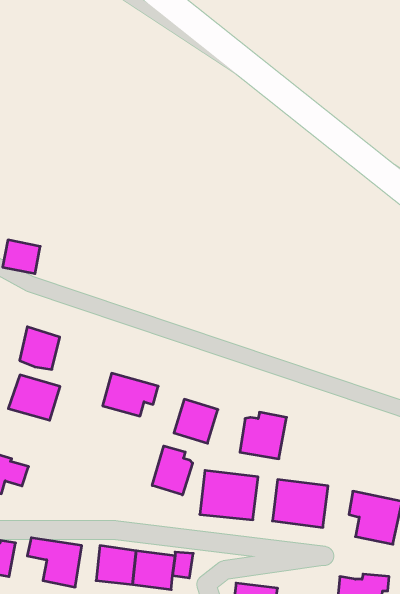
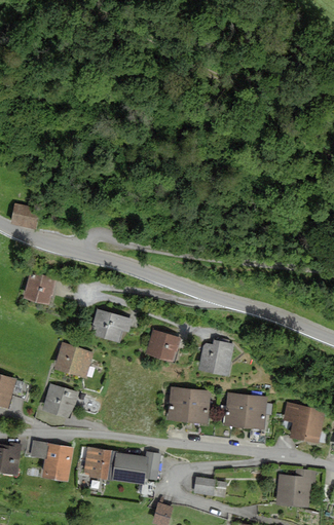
building: [8,375,60,420] -> [54,343,96,379]
building: [152,446,193,495] -> none
building: none -> [42,382,79,417]

